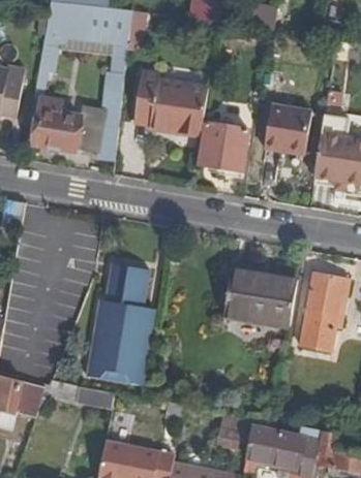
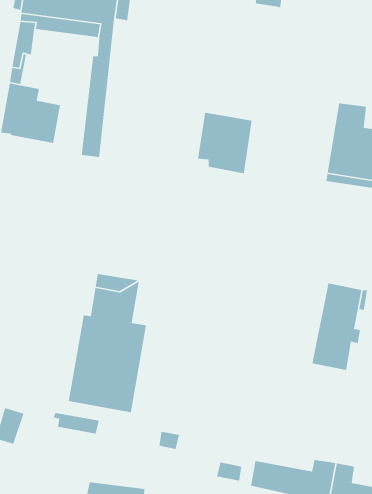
building: [134,72,208,136] -> none
building: [264,103,312,154] -> none
building: [223,269,297,326] -> none

